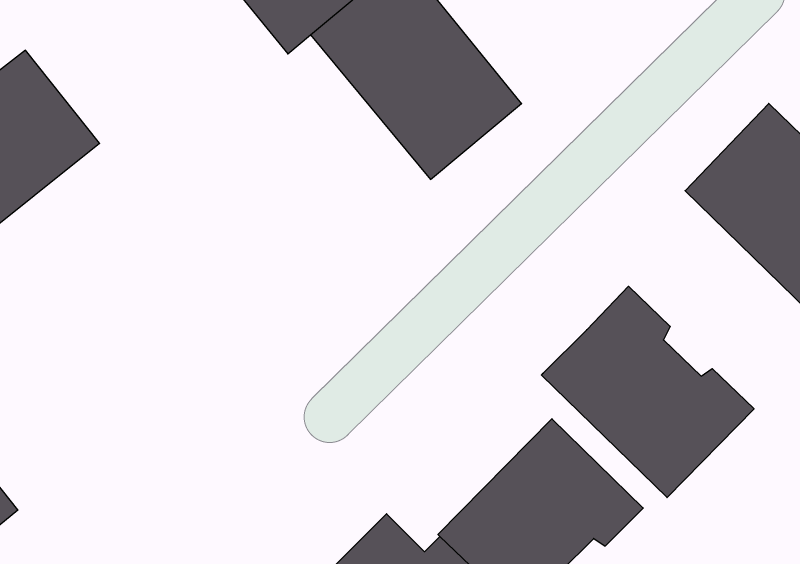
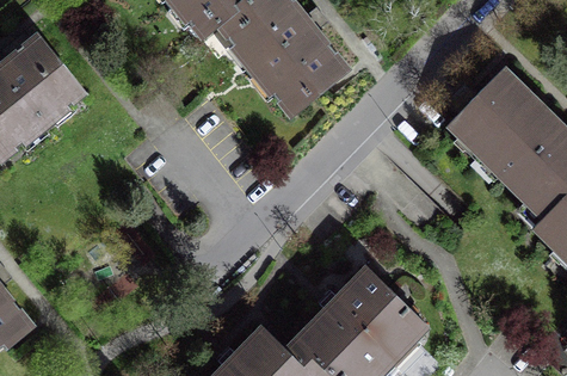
building: [541,286,754,498] -> none

